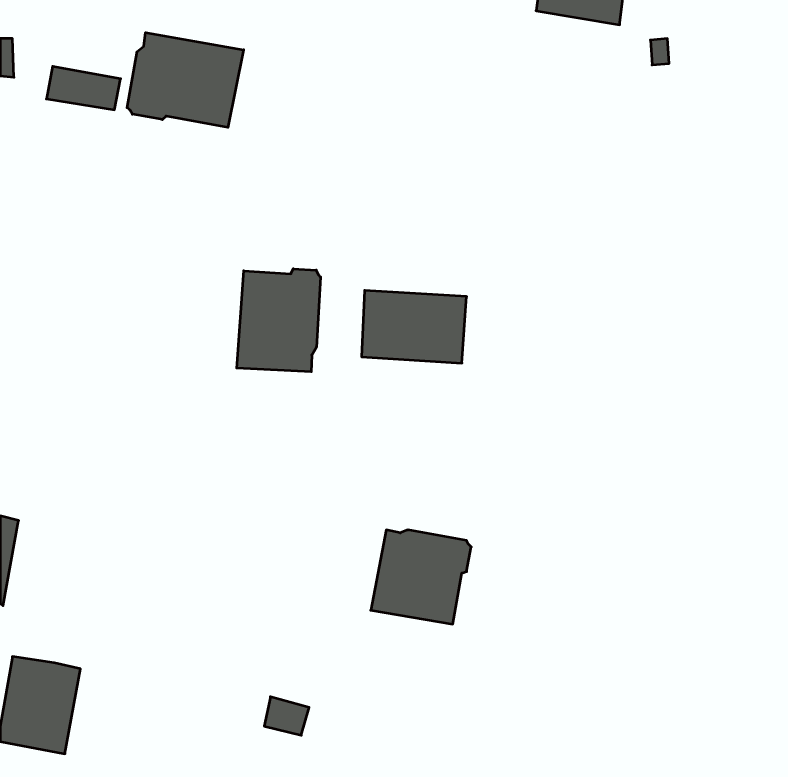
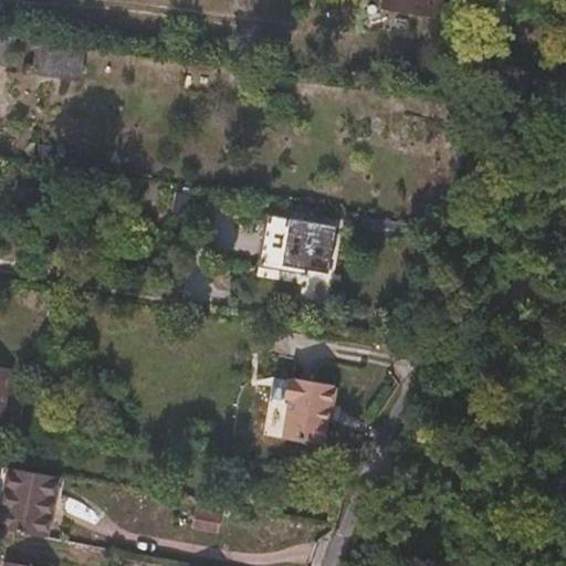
building: [127,33,244,127] -> none
building: [237,269,321,372] -> none

